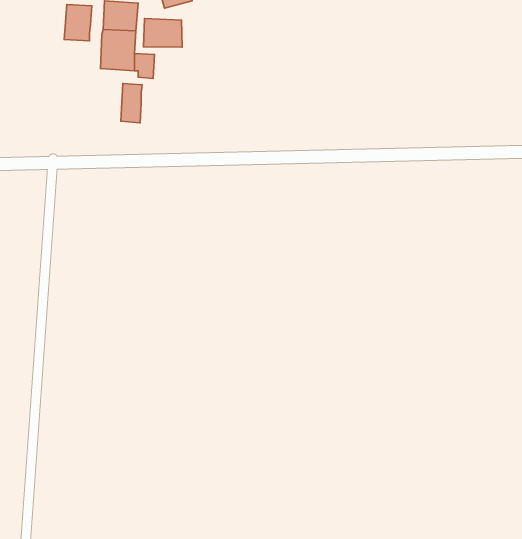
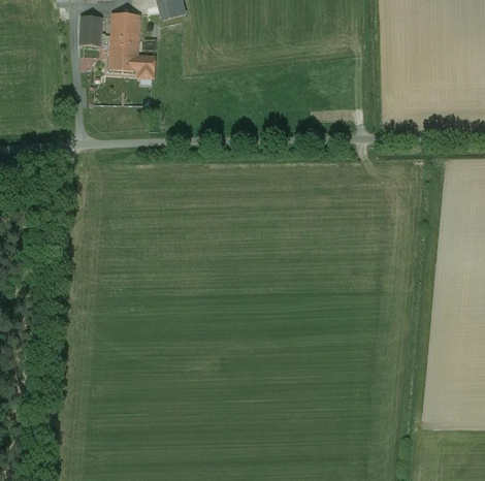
building: [143,19,182,47] -> none
building: [121,83,142,123] -> none

